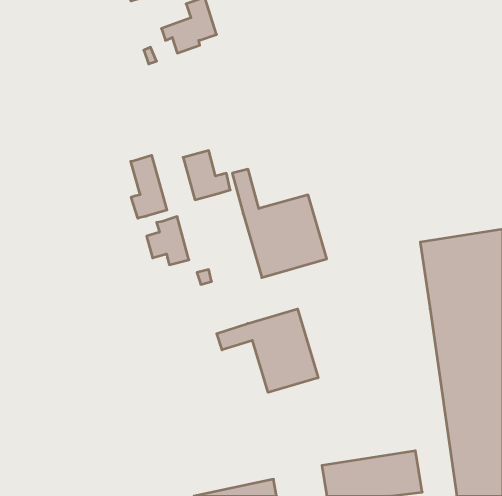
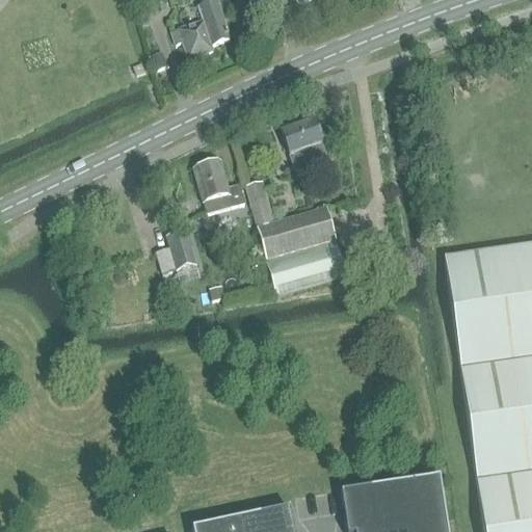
building: none -> [282,118,327,168]
building: [131,155,167,218] -> none
building: [217,309,318,392] -> none

